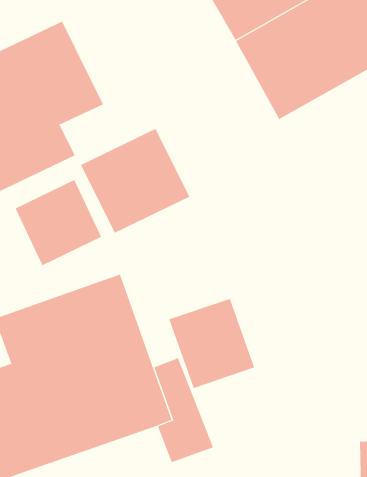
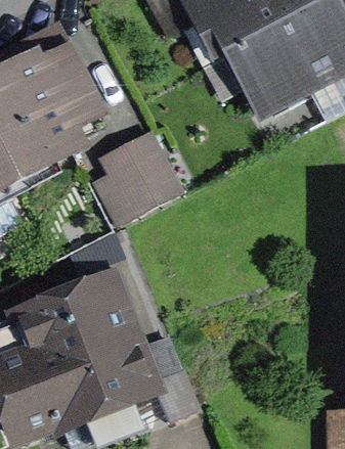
building: [15,179,102,266] -> none
building: [169,298,255,389] -> none

